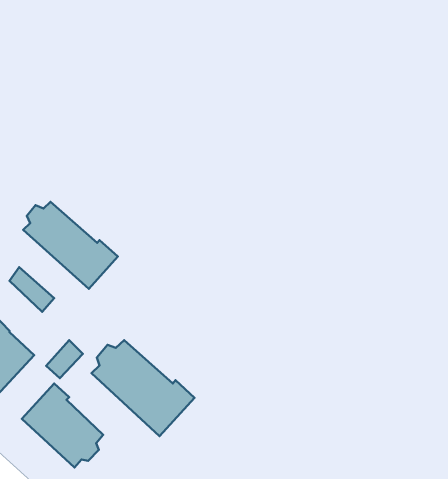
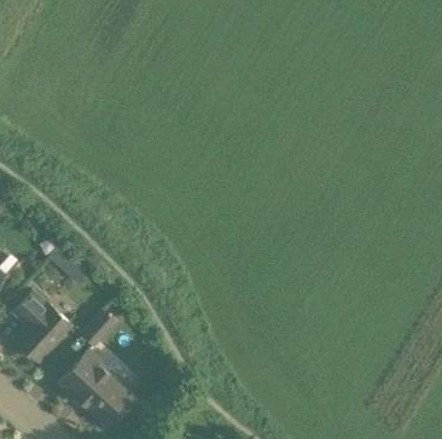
building: [23,202,118,289] -> none
building: [91,340,194,436] -> none

